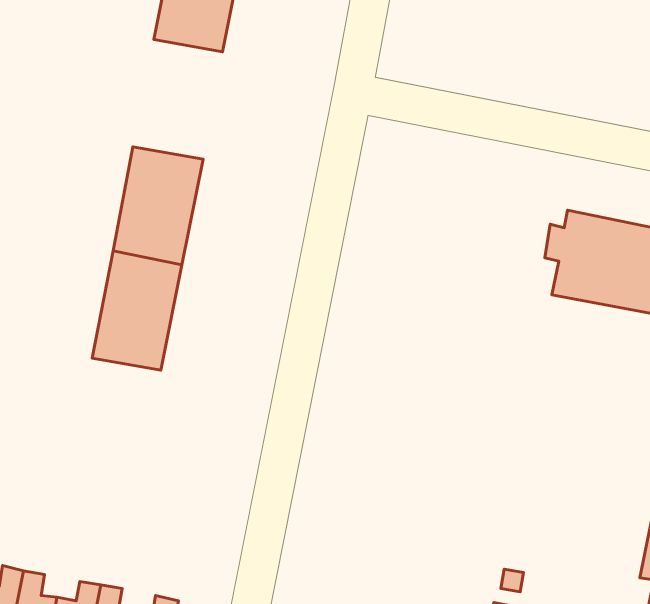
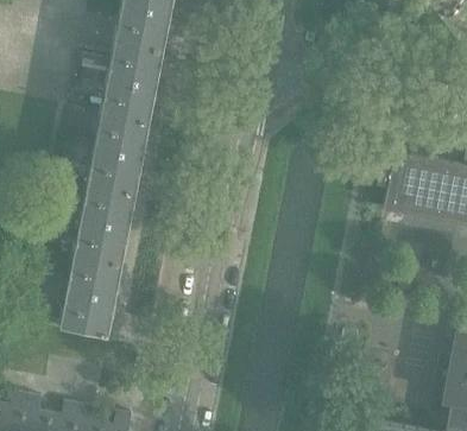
building: none -> [102,38,163,119]
building: none -> [62,253,121,332]

